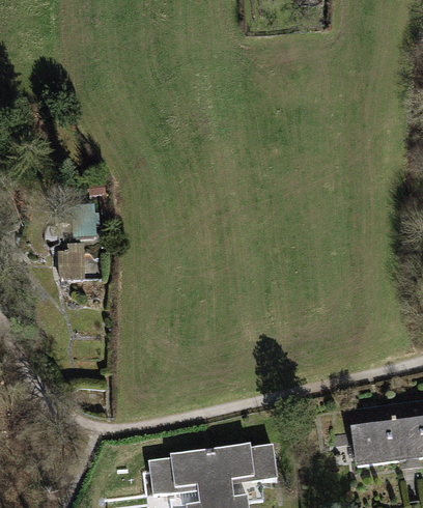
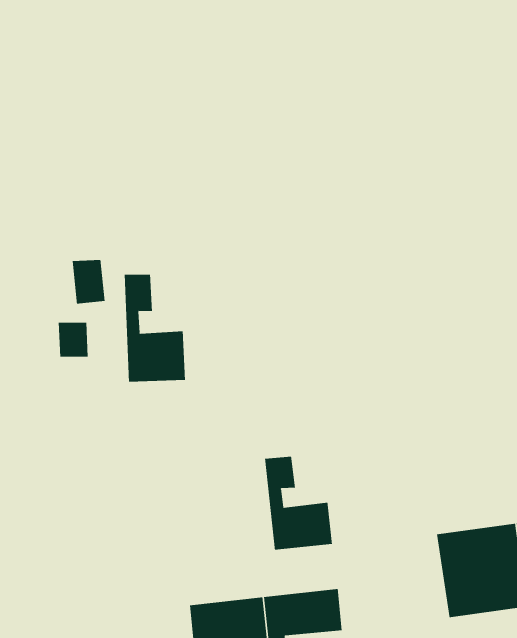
building: none -> [124,274,185,382]
building: none -> [265,456,333,550]

